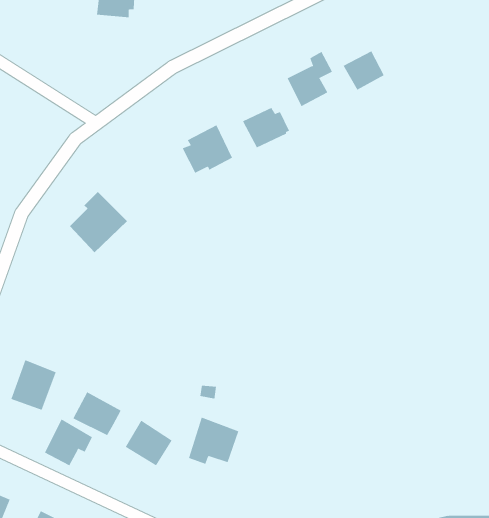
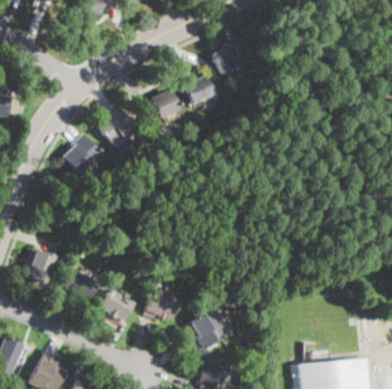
building: [343,50,385,91] -> none
building: none -> [99,103,138,149]
building: [44,419,93,466] -> none
building: none -> [189,309,230,349]

